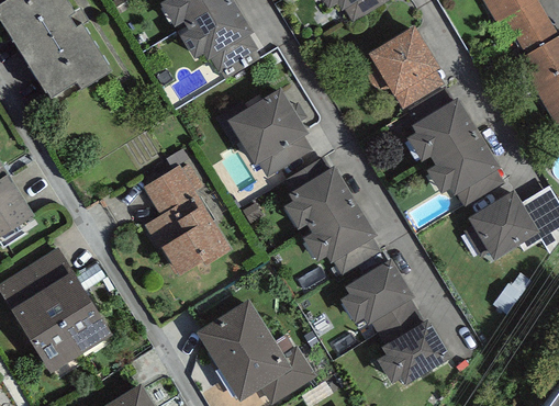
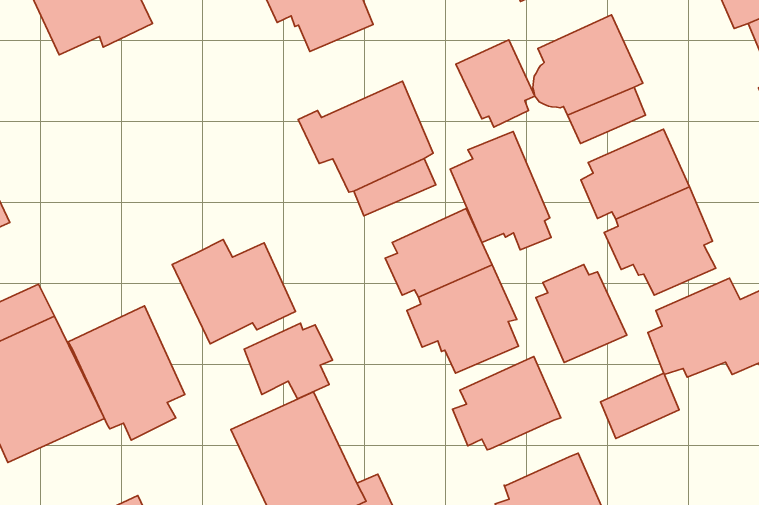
building: none -> [456,40,535,127]
building: none -> [450,132,551,250]
building: [144,166,203,216] -> [244,323,332,399]
building: none -> [536,265,627,362]
building: none -> [68,306,185,440]
building: [370,297,423,345] -> [600,373,679,438]

